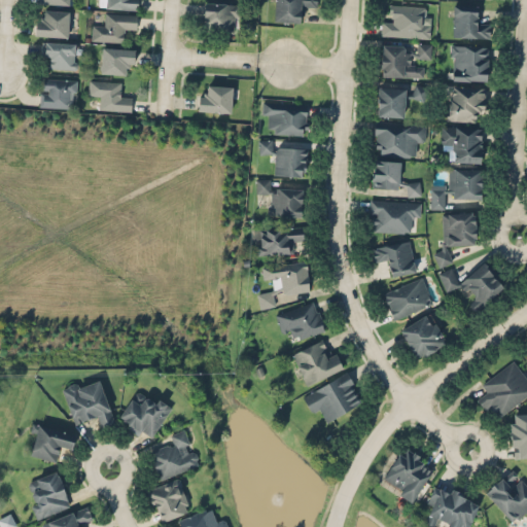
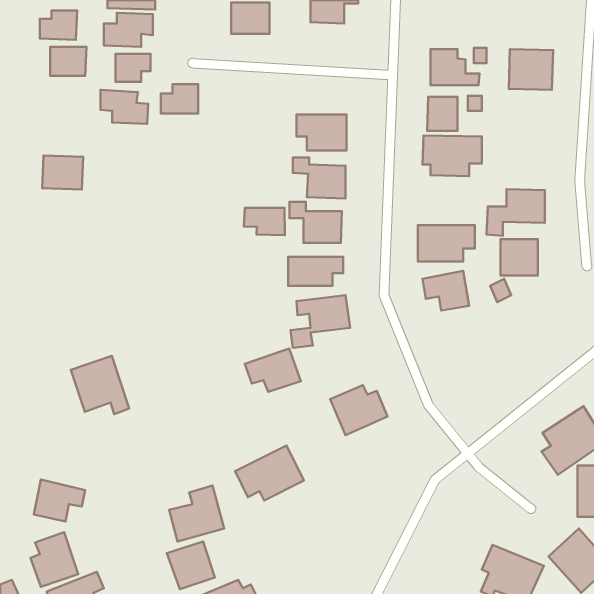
building: [382,6,431,38] -> none
building: [454,6,491,38] -> none
building: [41,79,77,109] -> [42,156,83,189]
building: [200,86,233,112] -> [161,84,198,113]
building: [449,86,486,121] -> none
building: [442,126,484,164] -> none
building: [374,161,422,197] -> none
building: none -> [244,208,285,235]
building: [440,262,505,311] -> none
building: [385,280,433,319] -> none
building: [277,303,326,341] -> [245,349,301,392]
building: [400,313,449,361] -> none
building: [304,373,364,421] -> [235,446,304,501]
building: [64,377,115,428] -> [71,356,129,414]
building: [119,393,173,441] -> none
building: [382,447,436,503] -> none

